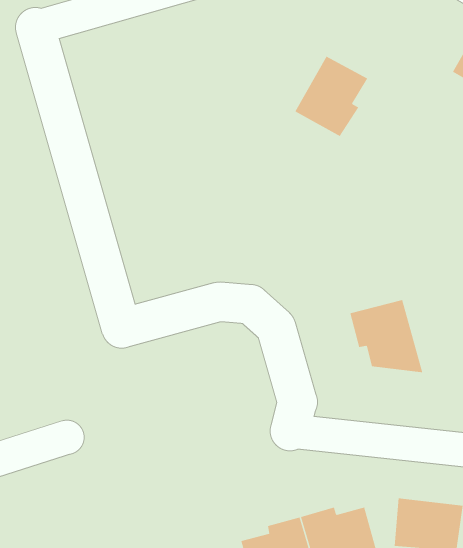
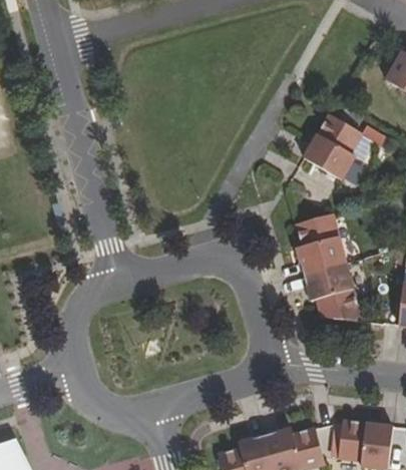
building: [295,56,368,137] -> [304,115,362,179]
building: none -> [296,213,346,274]

